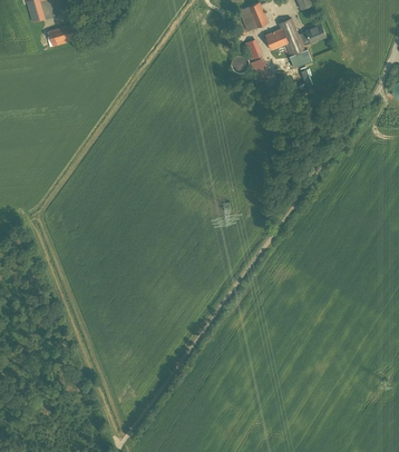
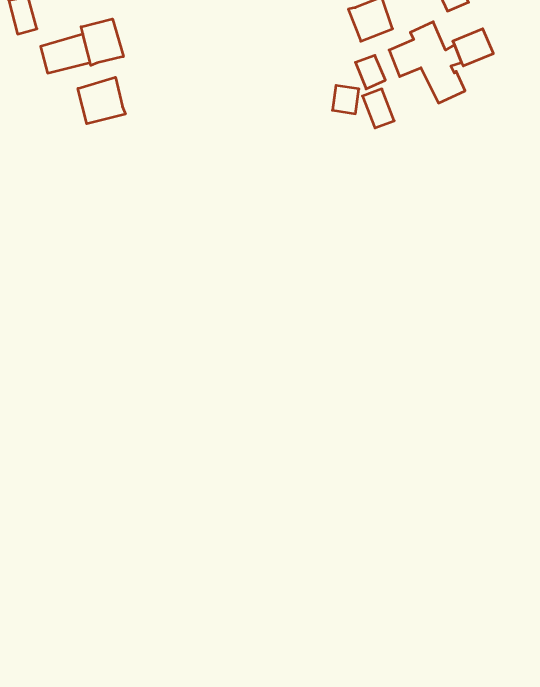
building: none -> [81,19,123,65]
building: none -> [78,77,125,124]

